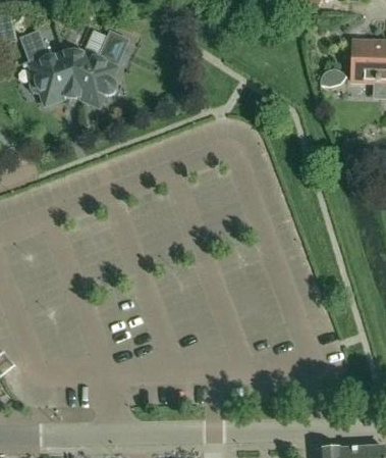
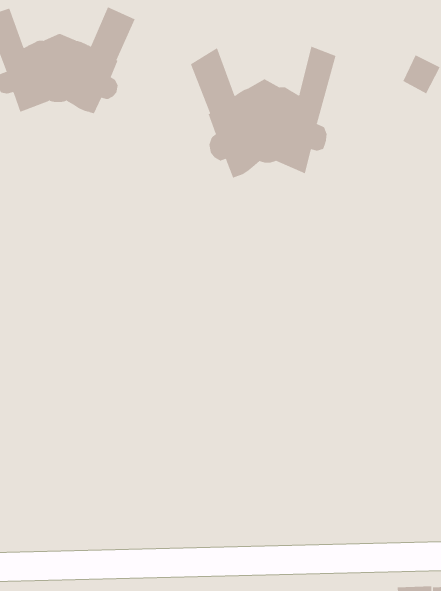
building: none -> [190,46,336,178]

